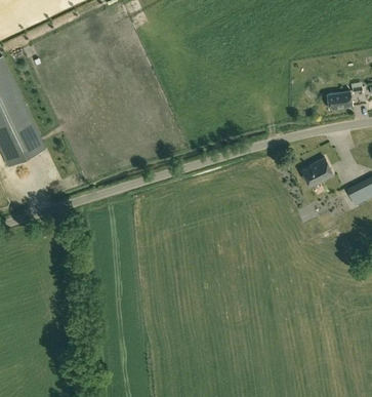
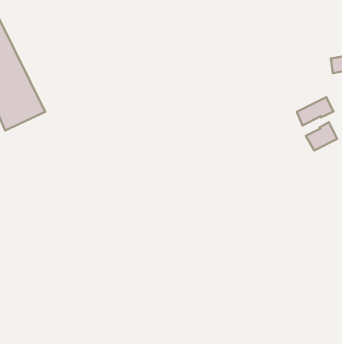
building: none -> [297,97,333,125]

